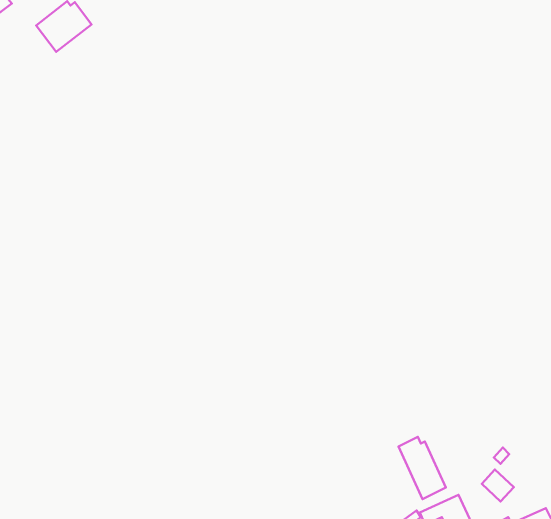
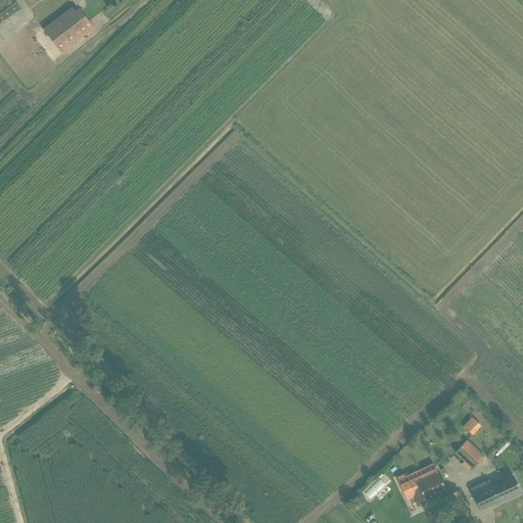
building: [398,437,446,499] -> none

